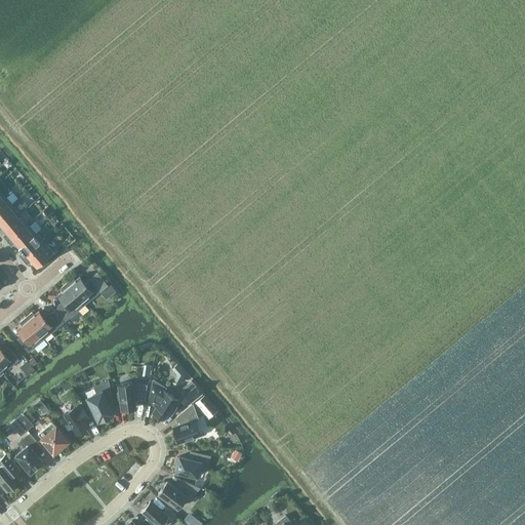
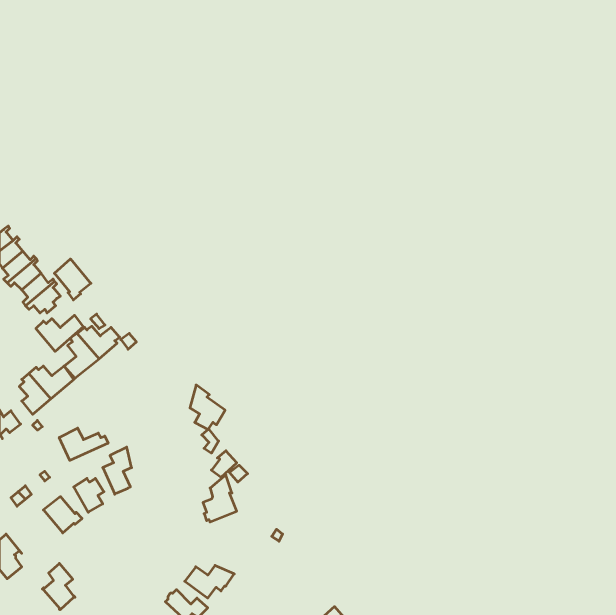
building: none -> [54,259,91,300]
building: none -> [36,315,83,351]
building: none -> [59,428,108,460]
building: [148,382,177,420] -> [190,385,225,430]
building: [117,383,146,410] -> none
building: [14,435,42,474] -> [42,563,75,609]
building: [174,454,209,478] -> none

